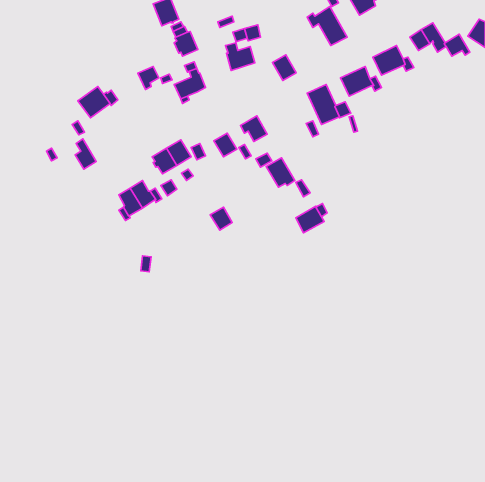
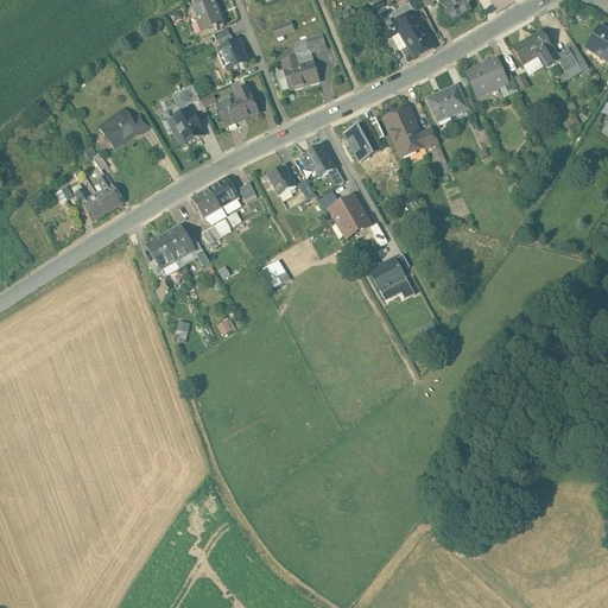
building: [272,55,296,80] -> [349,128,379,160]
building: none -> [171,108,202,144]
building: none -> [72,186,104,221]

